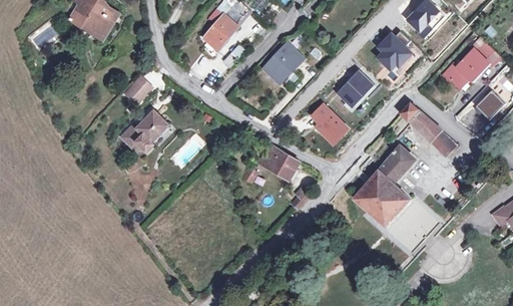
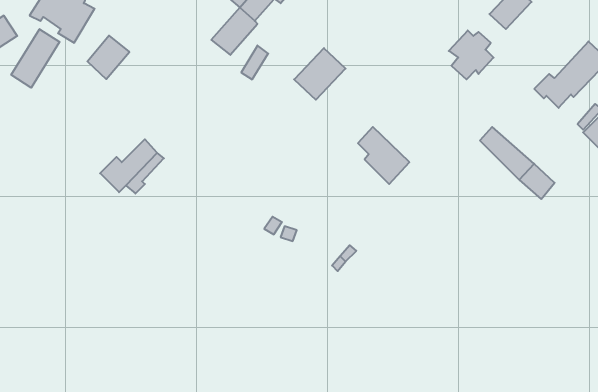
building: none -> [11,29,60,88]
building: [338,70,373,106] -> none
building: [123,74,154,106] -> [87,36,129,79]
building: [259,145,298,180] -> none
building: [354,145,414,226] -> none

